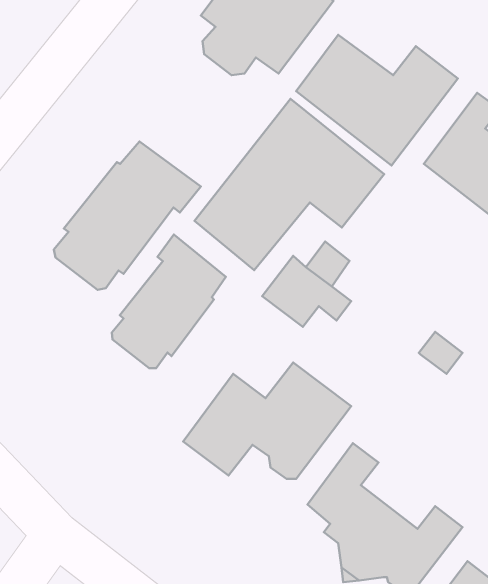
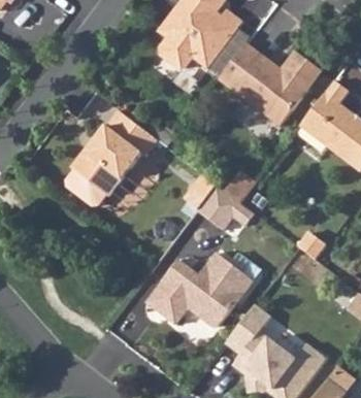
building: [194,99,384,270] -> none
building: [112,234,226,368] -> none

